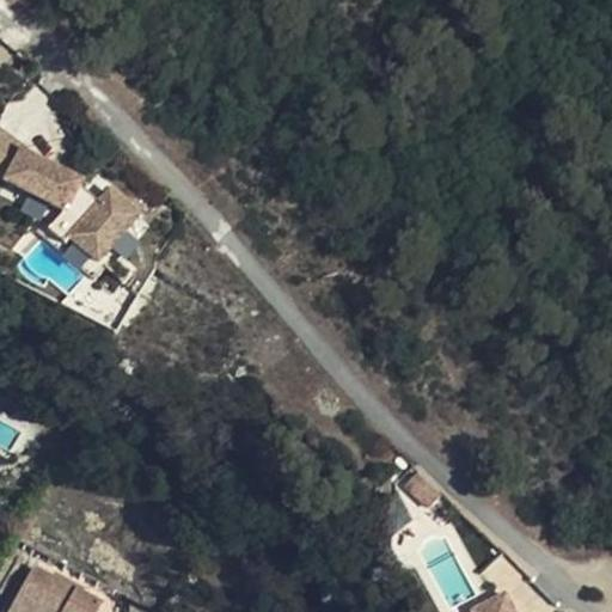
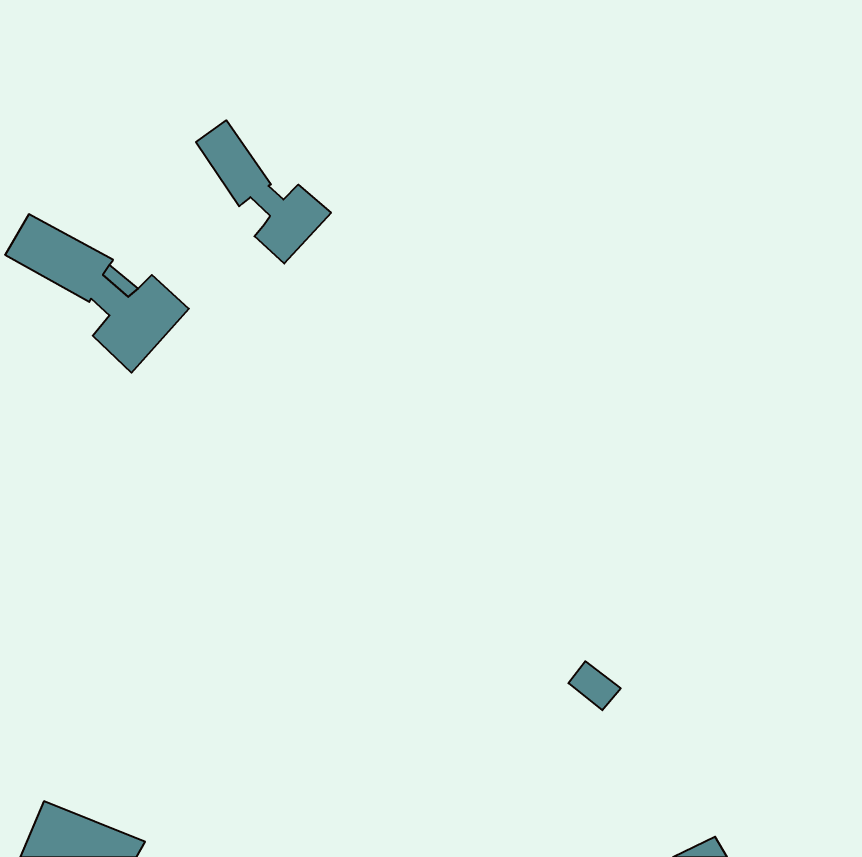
building: none -> [196,120,331,264]

